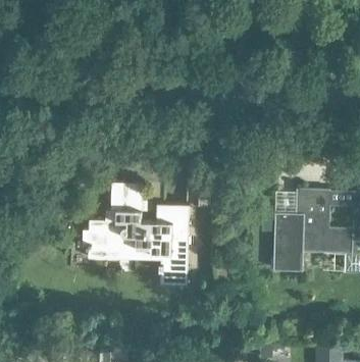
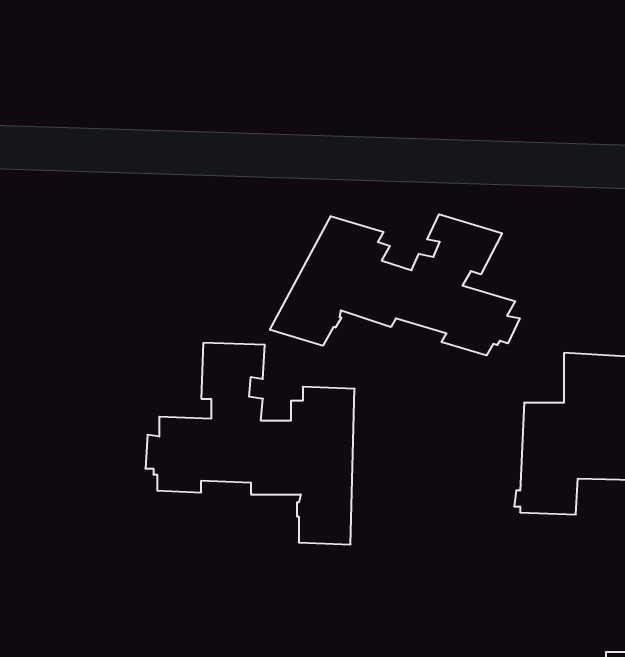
building: none -> [270,214,520,355]

